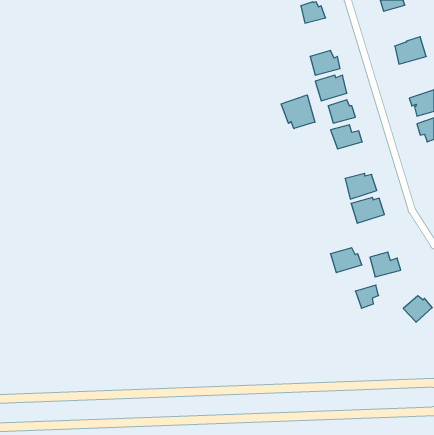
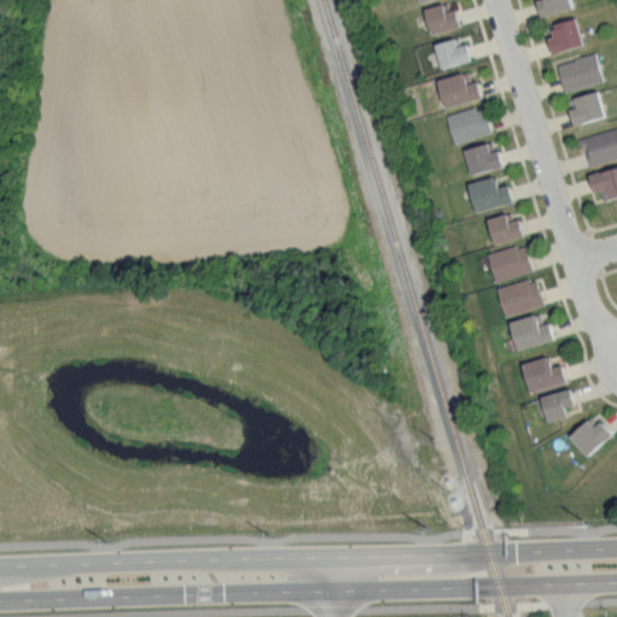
building: none -> [547,19,582,55]
building: none -> [434,41,469,70]
building: none -> [569,92,604,127]
building: [281,95,315,129] -> none
building: none -> [487,215,522,245]
building: [330,248,362,273] -> [509,316,553,351]
building: [355,285,379,308] -> [540,390,572,423]

